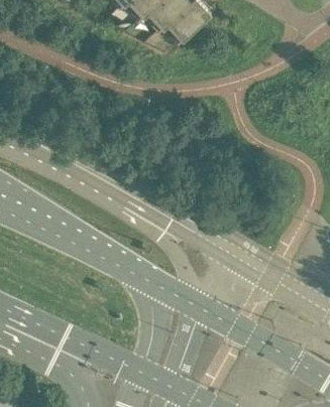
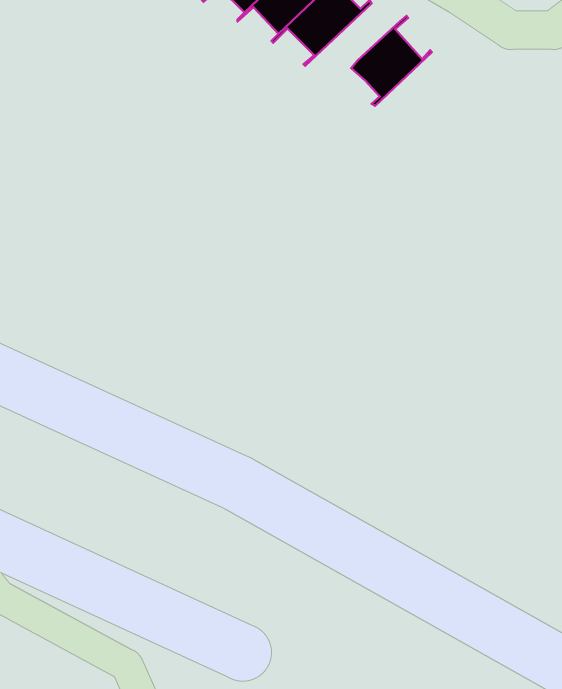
building: none -> [351,16,432,106]

